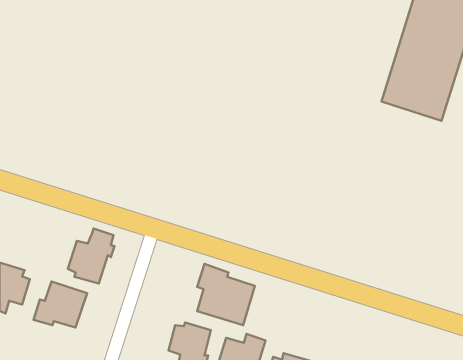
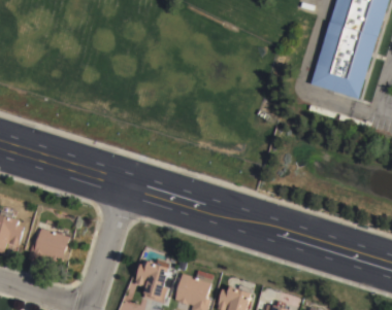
building: [68,228,114,283] -> none
building: [197,264,255,325] -> none

